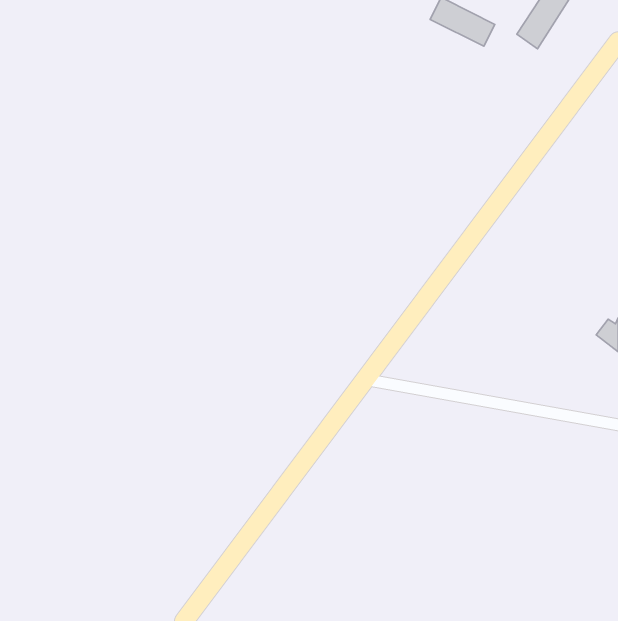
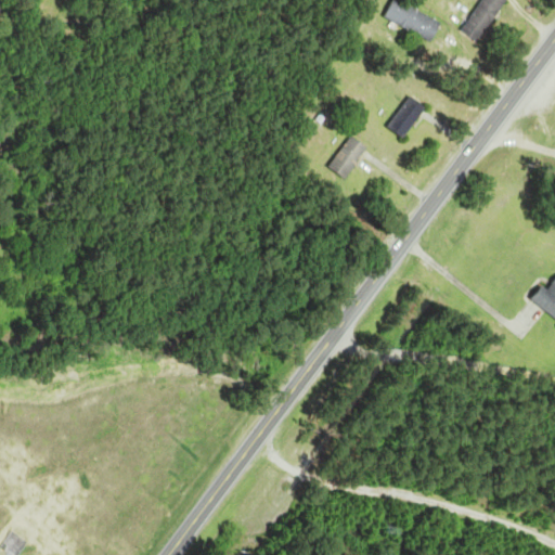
building: none -> [387,94,426,138]
building: none -> [331,135,367,178]

